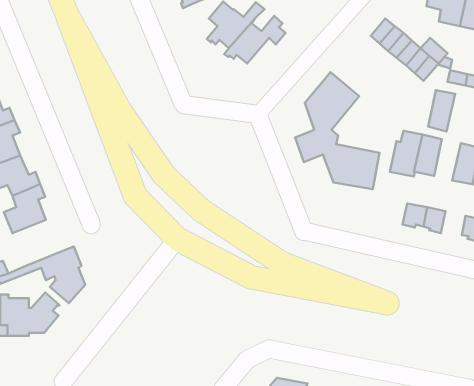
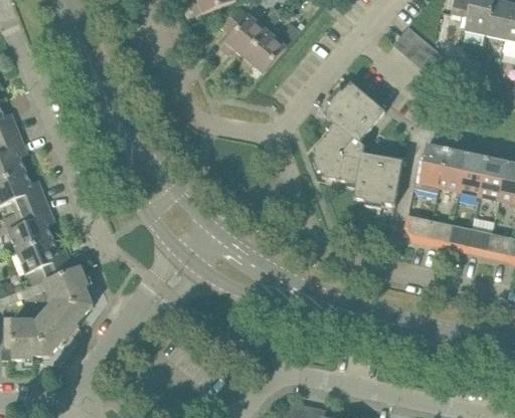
building: [428,90,455,131] -> [460,153,488,196]
building: none -> [405,214,432,242]
building: none -> [467,228,493,254]
building: none -> [17,237,73,285]

